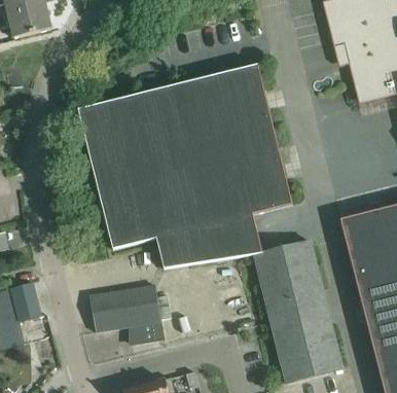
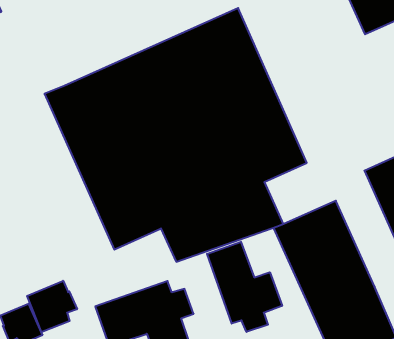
building: none -> [207,242,282,332]
building: none -> [27,281,77,332]

